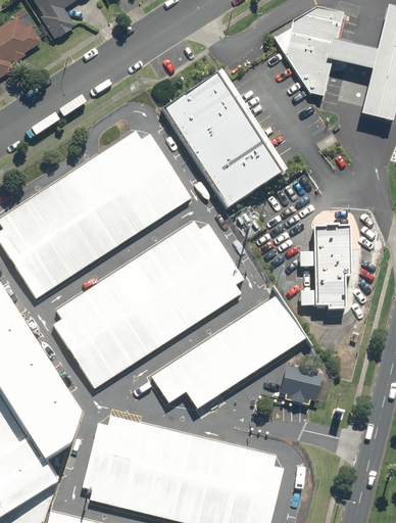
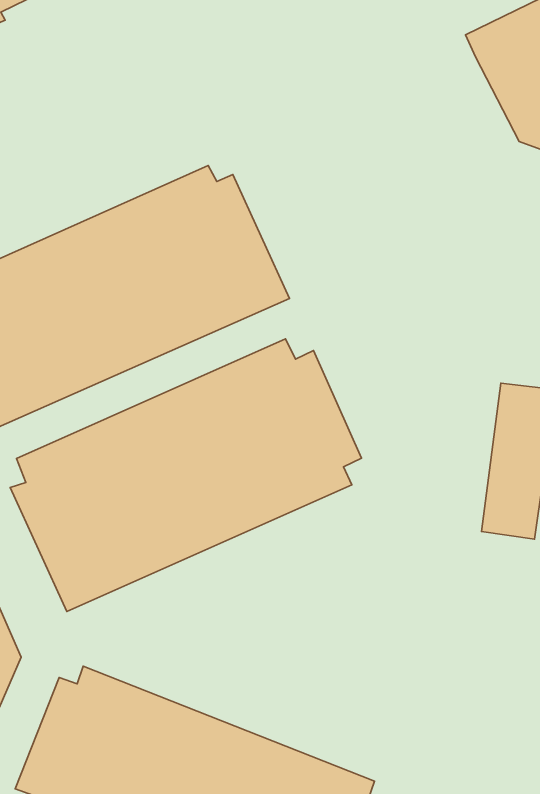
building: [164,70,288,207] -> none
building: [152,294,309,410] -> none
building: [279,365,324,399] -> none

